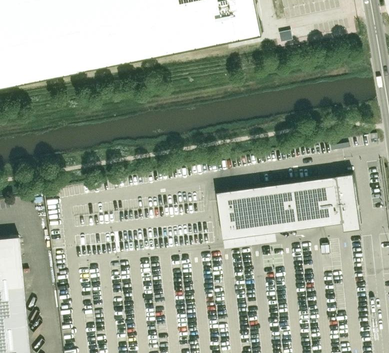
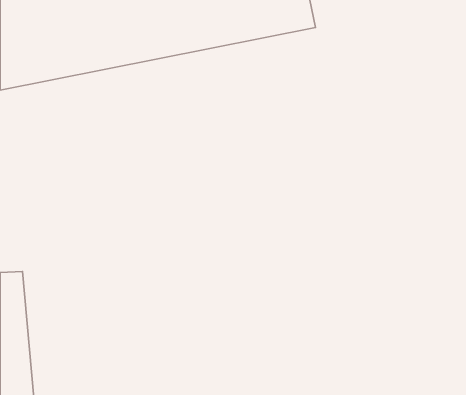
building: [216,174,360,240] -> none

